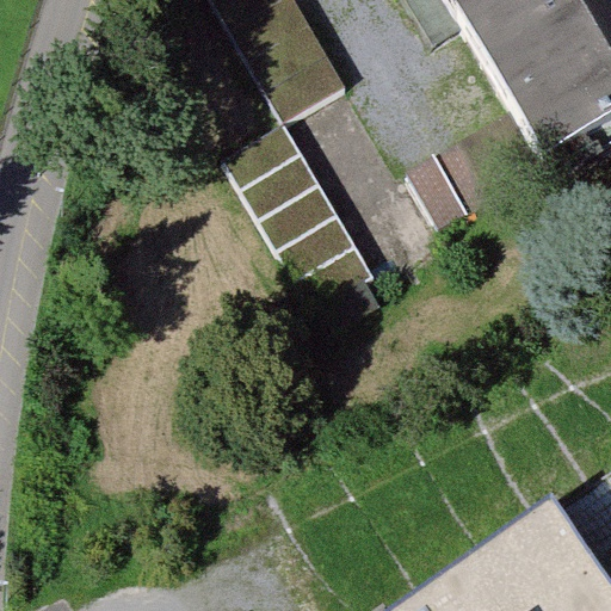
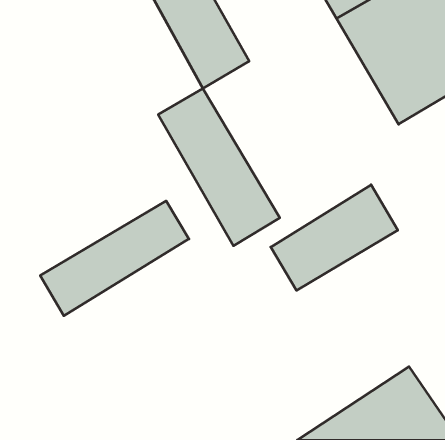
building: none -> [271,185,398,290]
building: none -> [40,201,189,316]

